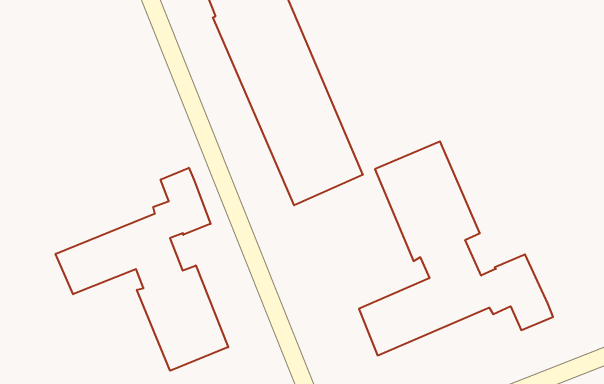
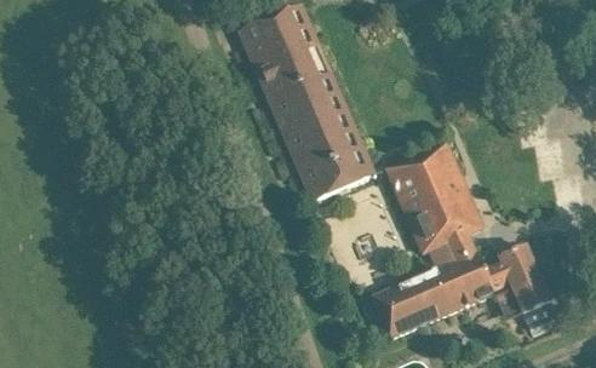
building: [56,168,228,371] -> none

